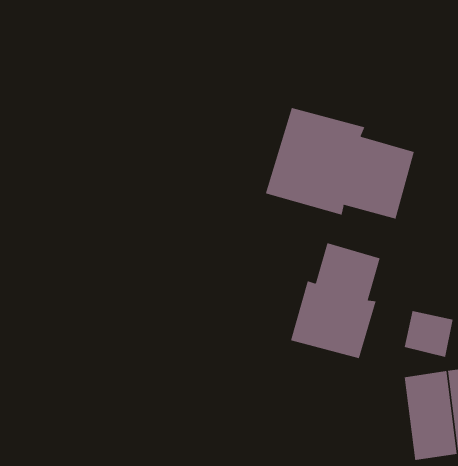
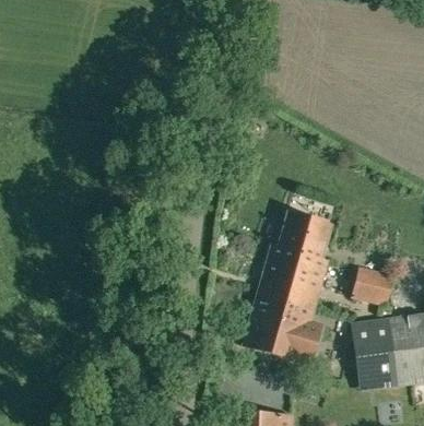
building: [265,107,414,220] -> none
building: none -> [242,292,325,364]

